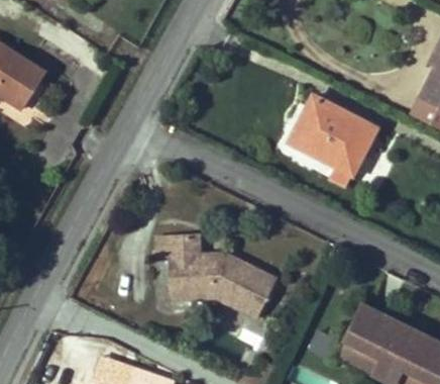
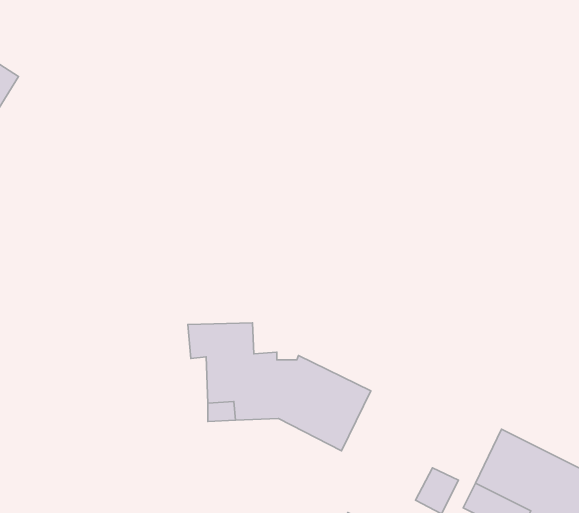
building: [290,95,376,186] -> none

